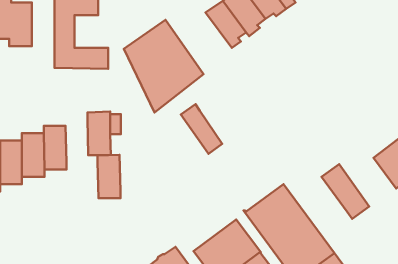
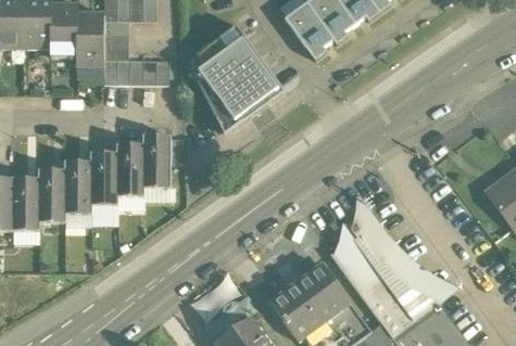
building: none -> [76,13,103,65]
building: [181,104,222,154] -> none
building: [98,155,120,198] -> [116,143,143,195]
building: [321,164,369,219] -> none

